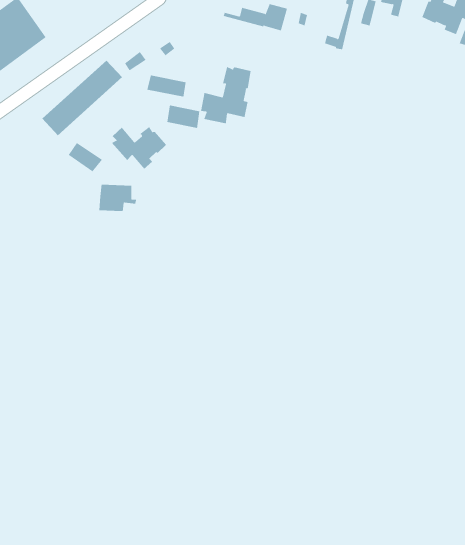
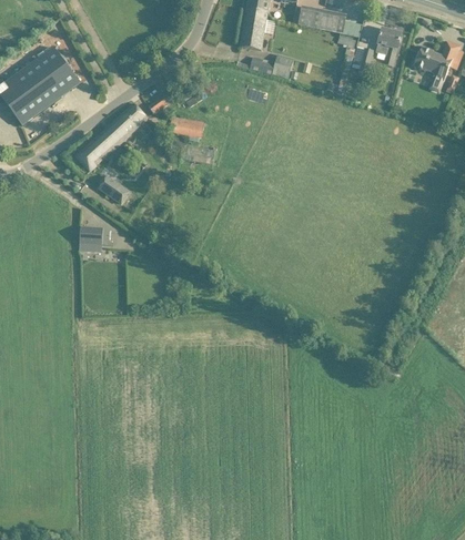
building: [200,66,251,124] -> none
building: [111,126,167,169] -> none
building: [98,184,137,212] -> [79,227,113,252]

